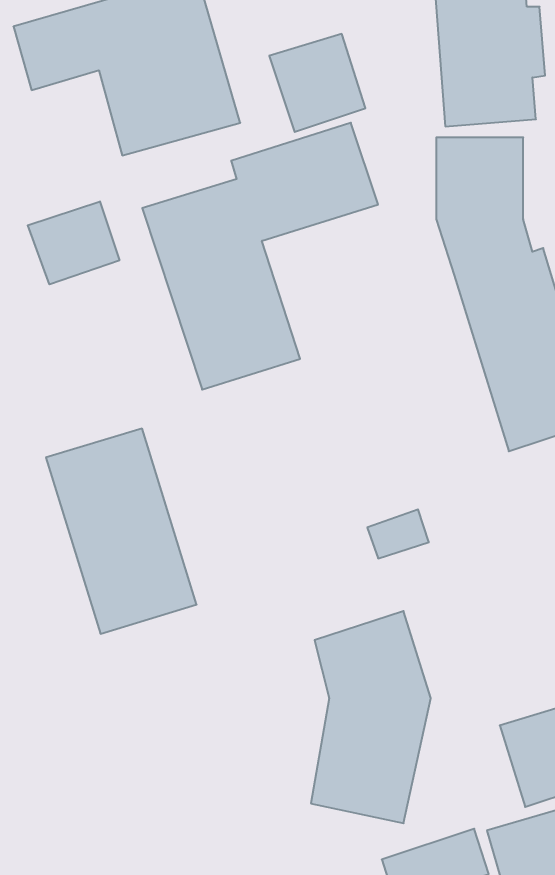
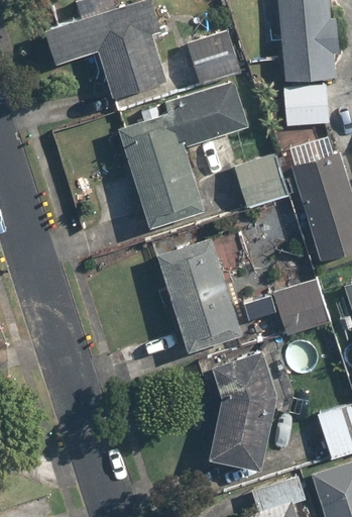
building: [28,201,119,284] -> none
building: none -> [235,153,287,207]
building: [46,429,197,634] -> [158,237,242,351]
building: none -> [271,278,329,336]

